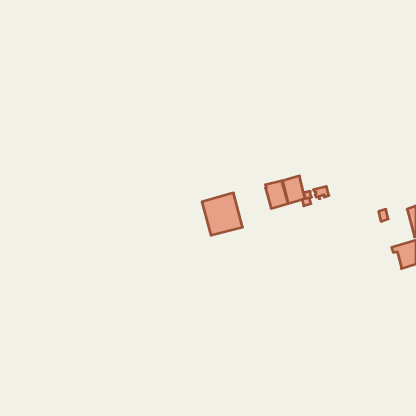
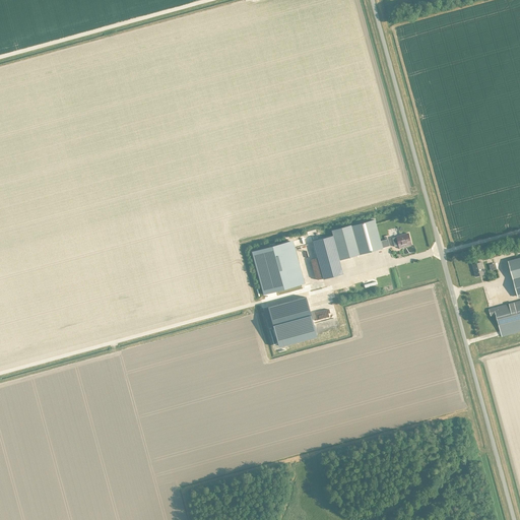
building: none -> [312,235,342,278]
building: none -> [267,297,316,344]

